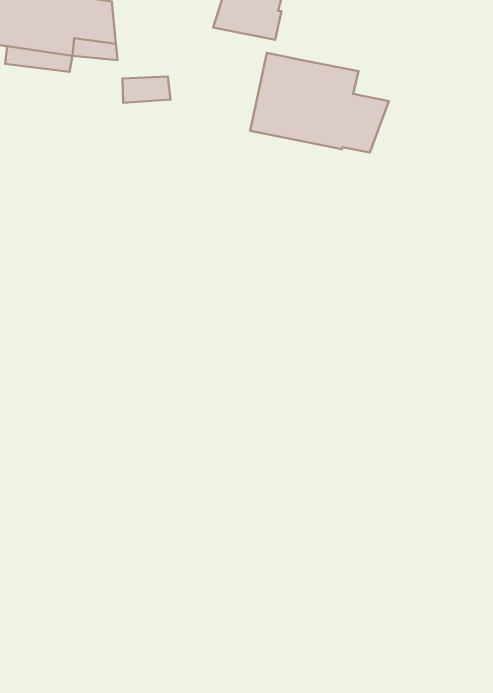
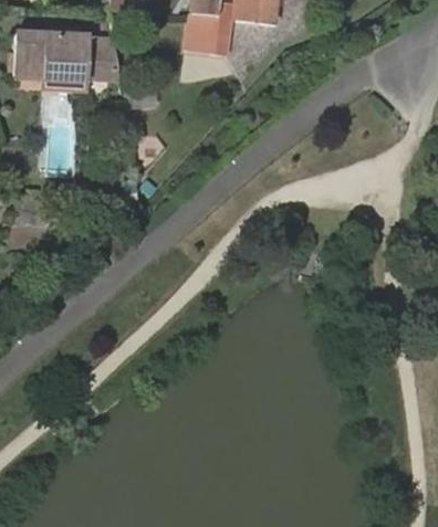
building: [250,53,389,152] -> none

